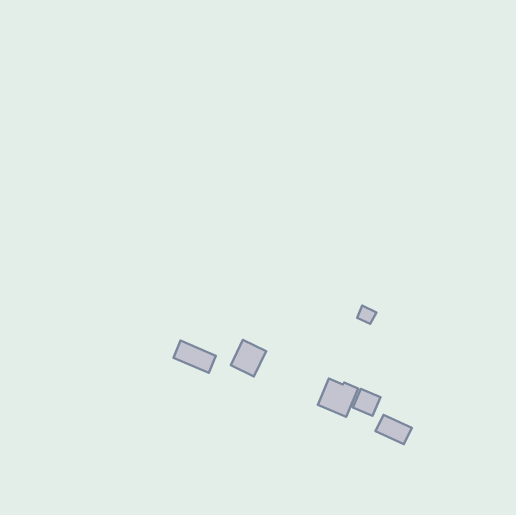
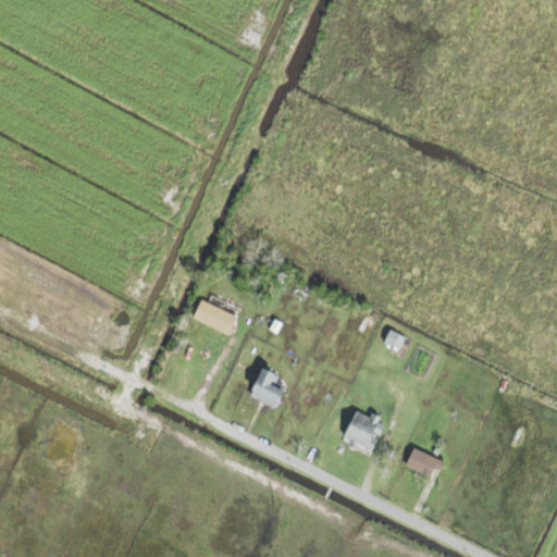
building: [173,341,216,373] -> [193,300,238,335]
building: [353,389,381,416] -> none

